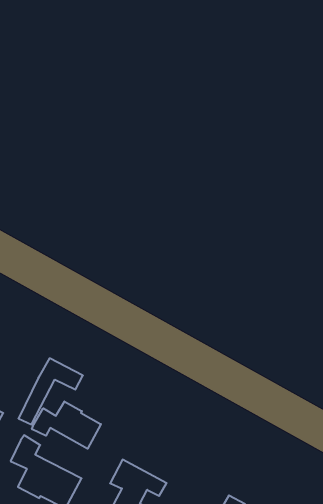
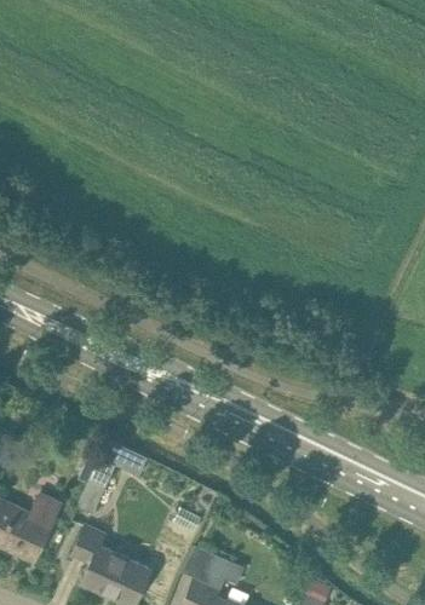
building: [32,401,101,449] -> none

